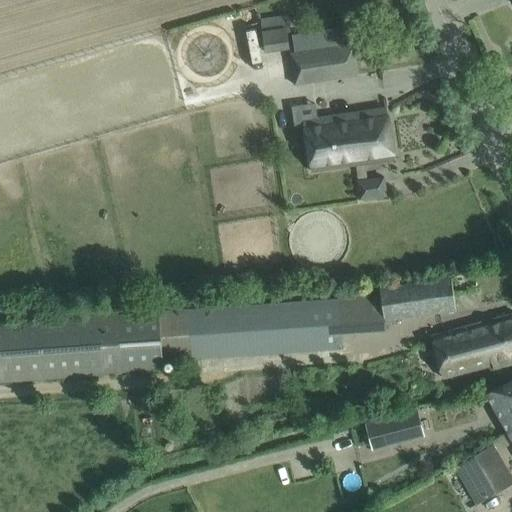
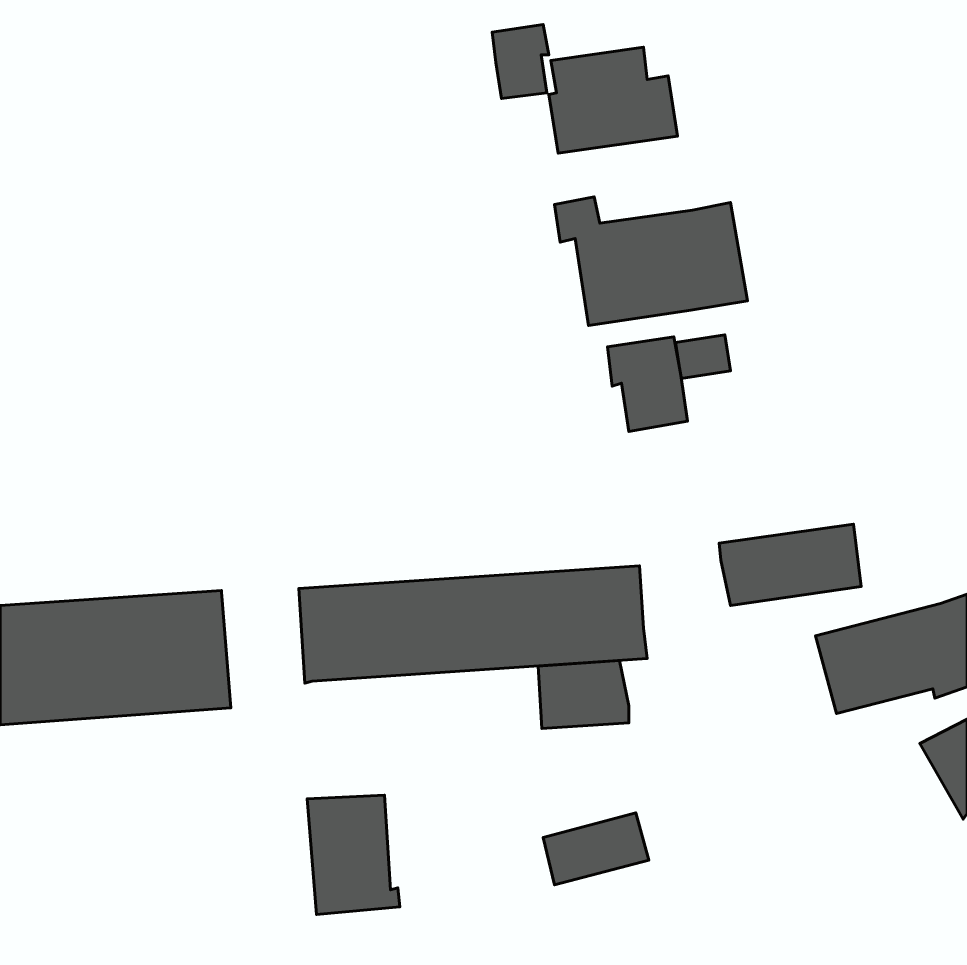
building: none -> [608,337,687,432]
building: [338,297,386,333] -> [538,660,629,728]
building: [117,312,166,375] -> [307,795,400,914]
building: [367,412,423,450] -> [543,813,649,885]
building: [456,446,504,504] -> none

